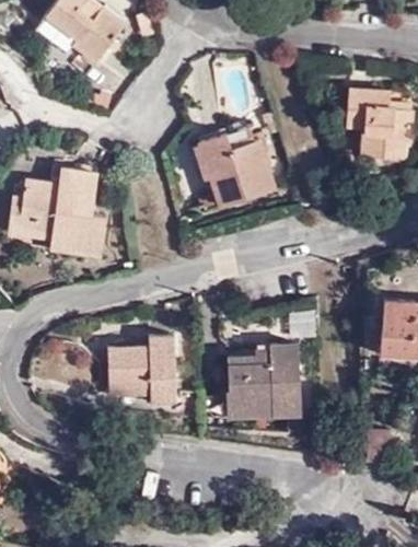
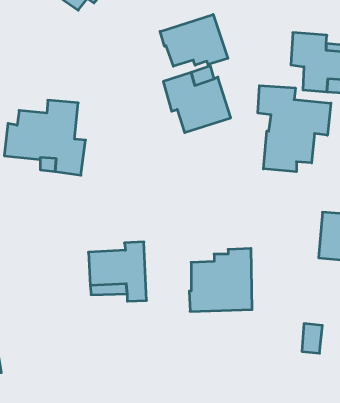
building: none -> [160,14,228,66]
building: none -> [258,86,331,172]

